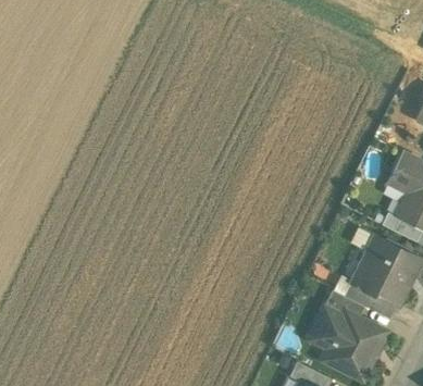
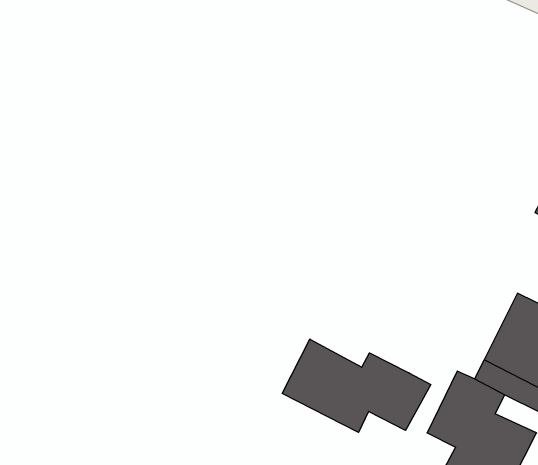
building: none -> [282,339,431,432]

